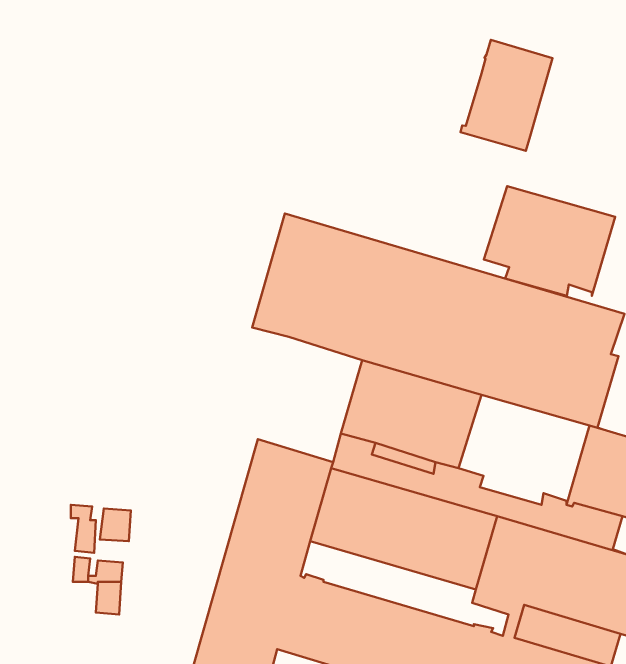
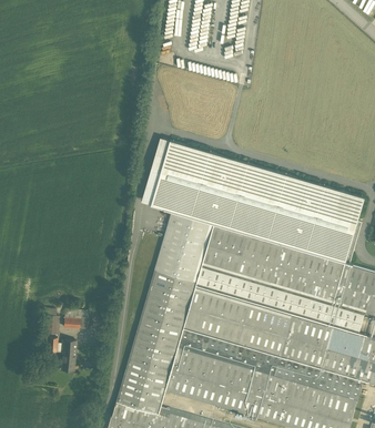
building: [460,40,552,151] -> none
building: [484,186,615,296] -> [270,245,345,308]
building: none -> [154,212,214,284]
building: none -> [179,329,298,384]

